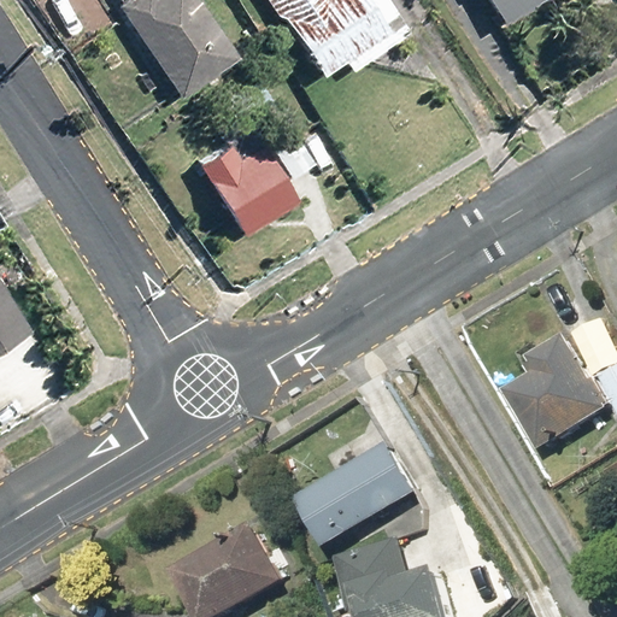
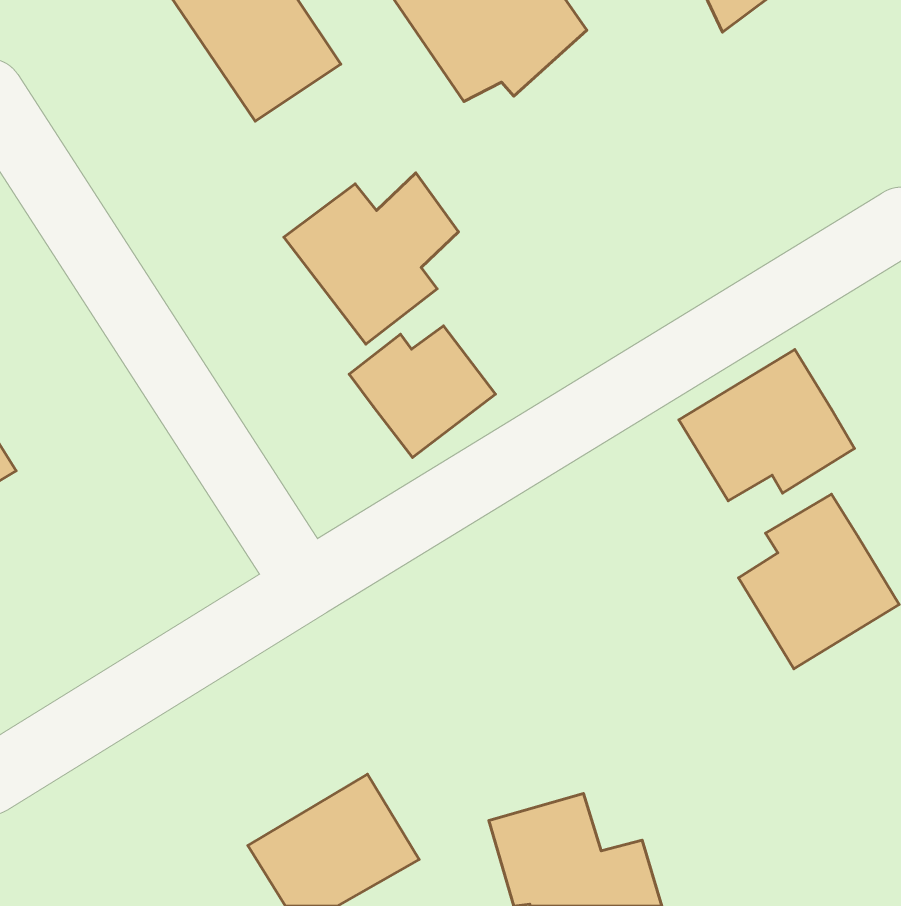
building: none -> [349,326,496,458]
building: none -> [679,350,855,501]
building: [293,441,416,550] -> none

